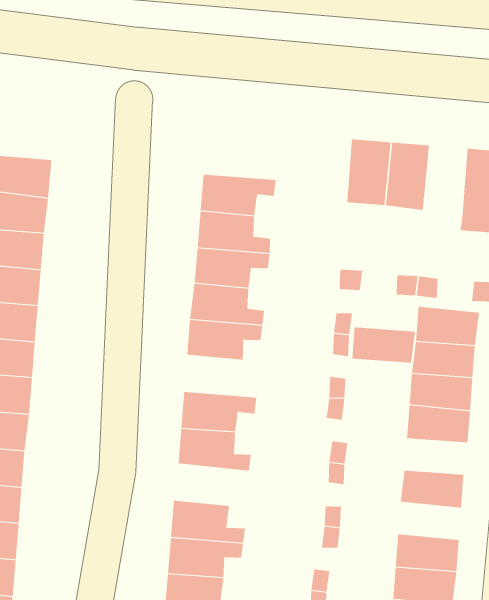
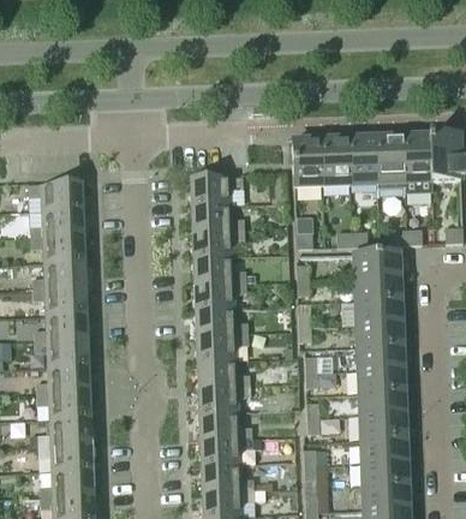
building: none -> [348,136,377,184]
building: [352,327,416,363] -> [358,345,402,370]
building: none -> [195,306,249,334]
building: none -> [198,384,251,412]
building: none -> [359,392,405,416]

